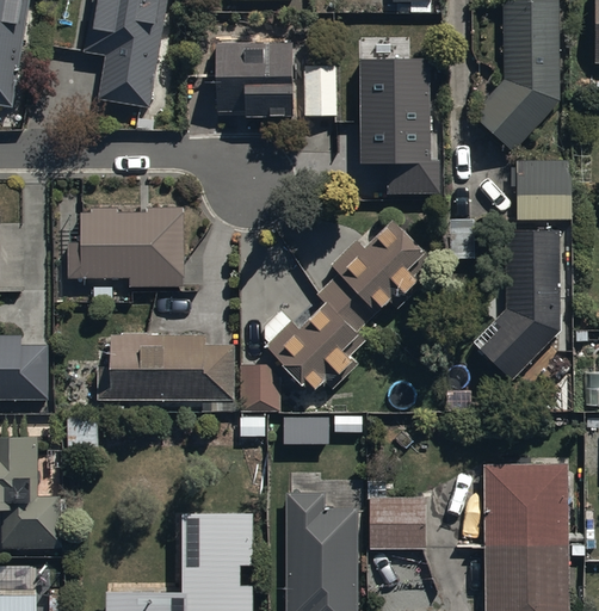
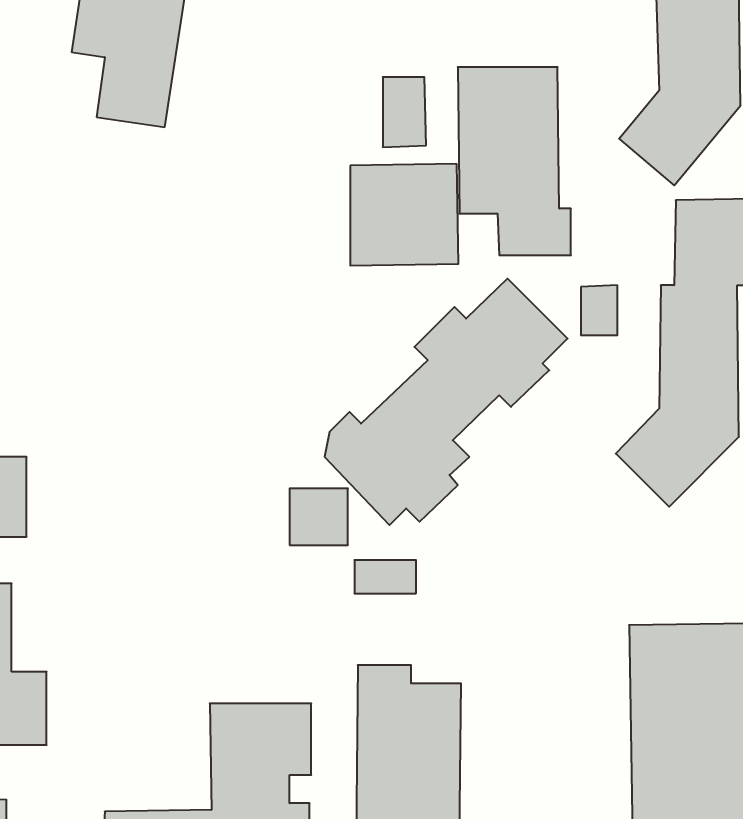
building: [216,48,294,121] -> [350,164,458,266]
building: [68,205,186,289] -> none
building: [95,333,233,397] -> none
building: [368,481,426,549] -> none

